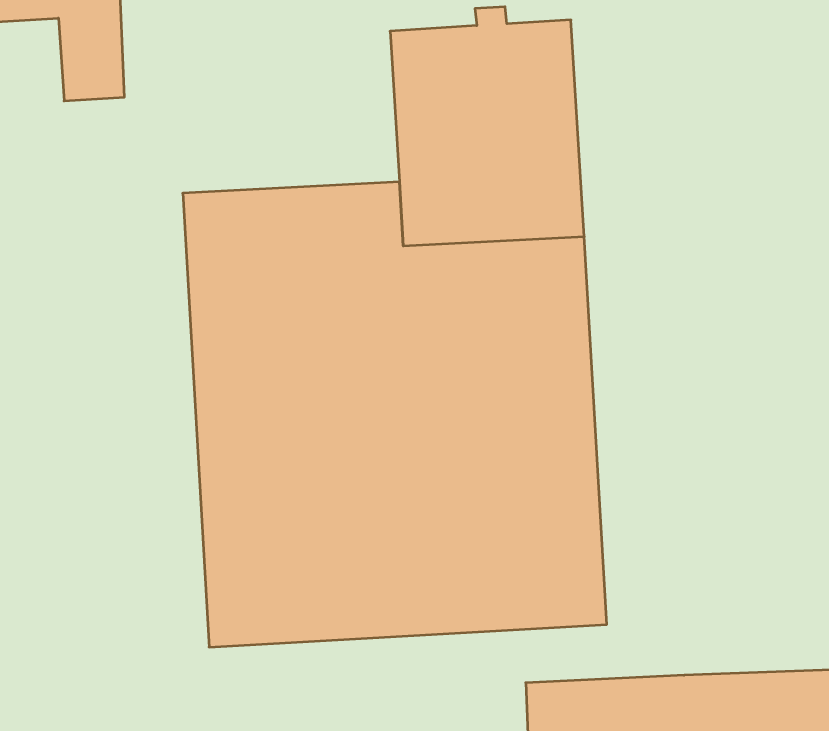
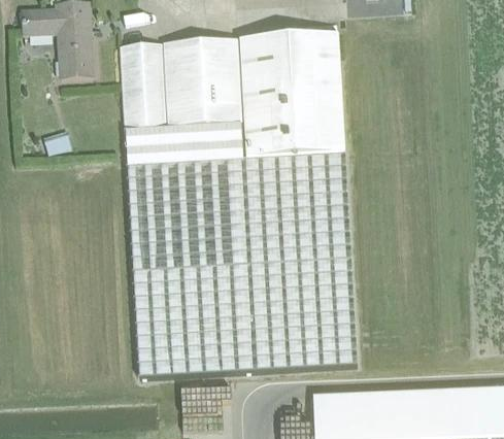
building: none -> [120,38,243,127]

